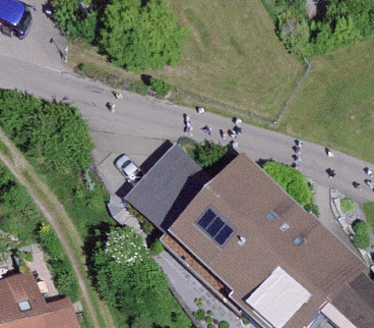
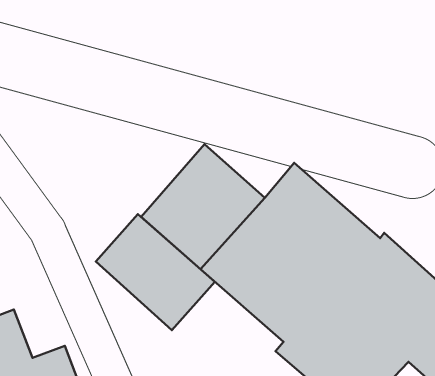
building: none -> [96,214,215,330]

